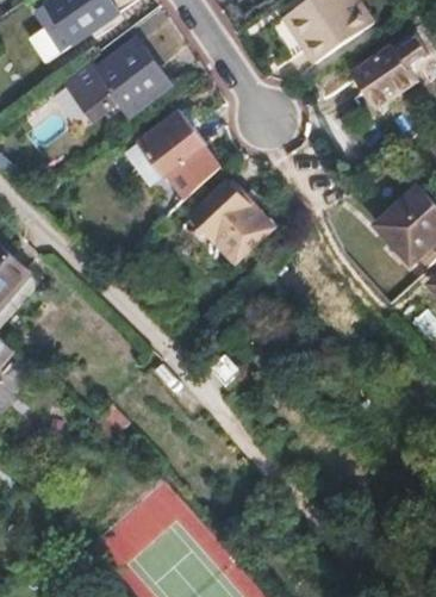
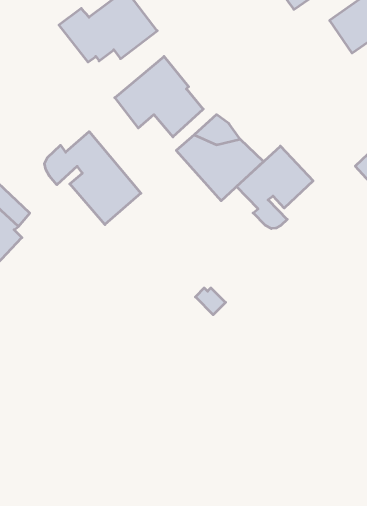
building: none -> [44,132,141,225]
building: none -> [237,146,313,229]

